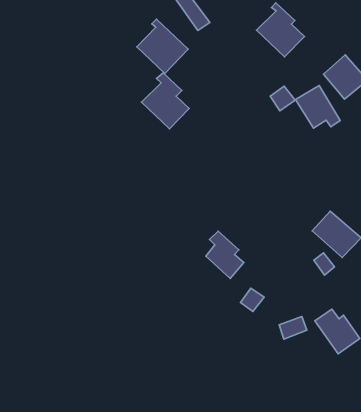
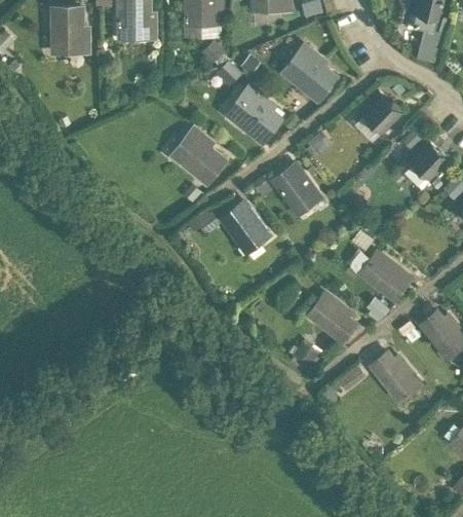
building: [137,19,188,73] -> [230,86,282,141]
building: [296,85,340,128] -> [272,163,319,208]
building: none -> [221,206,268,246]
building: [206,231,244,278] -> [314,294,353,341]

